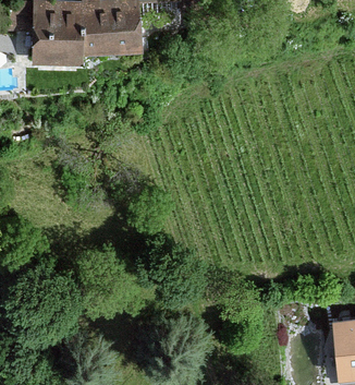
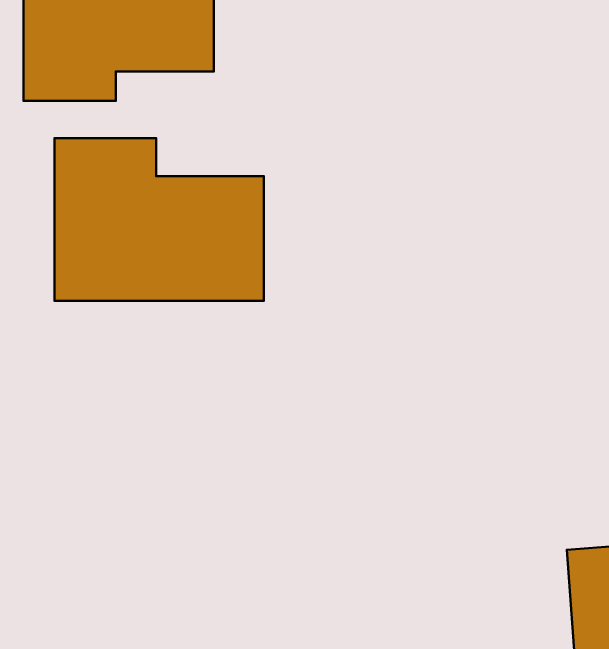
building: none -> [55,138,264,301]

